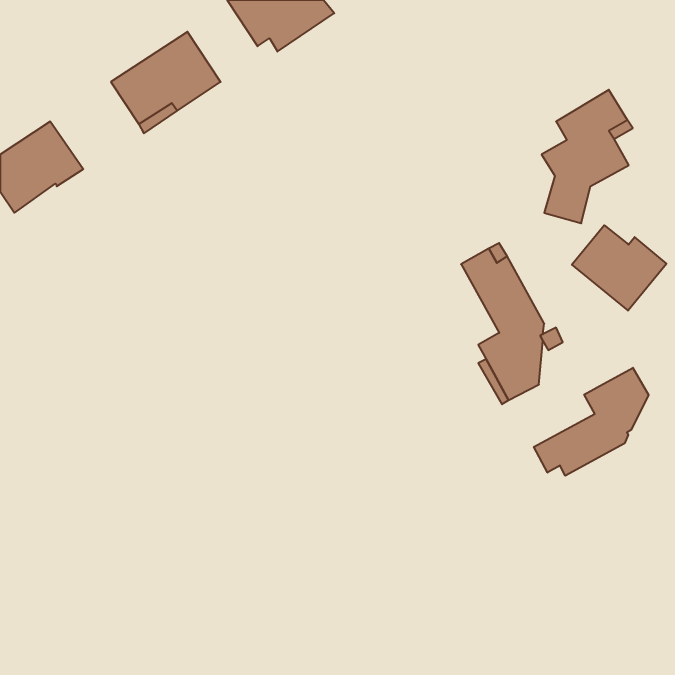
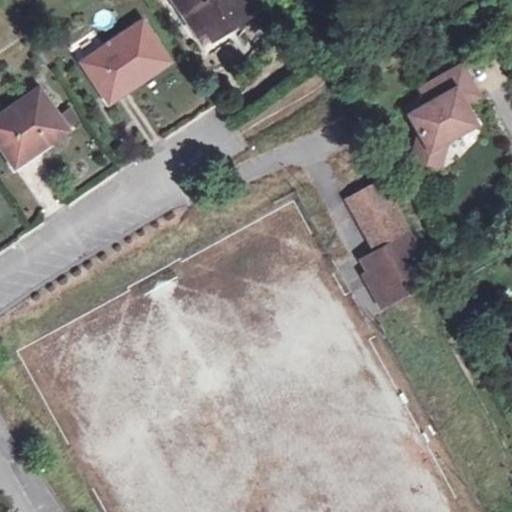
building: [572,225,666,311] -> none
building: [534,368,649,476] -> none

